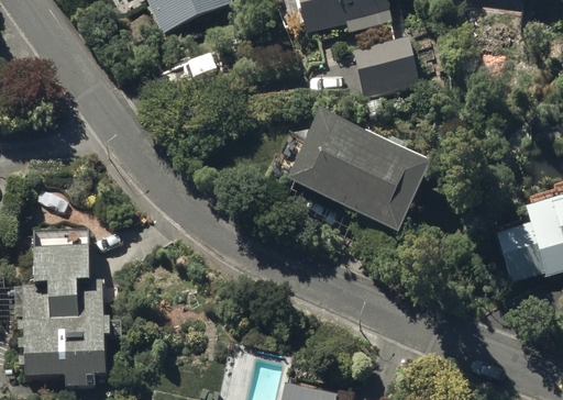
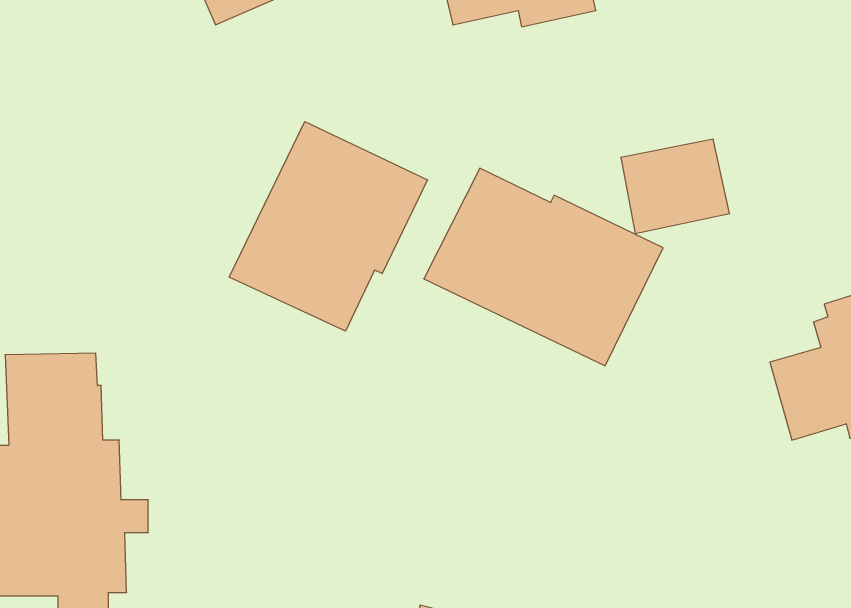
building: [352,36,418,93] -> [621,139,730,234]
building: none -> [229,122,427,331]

